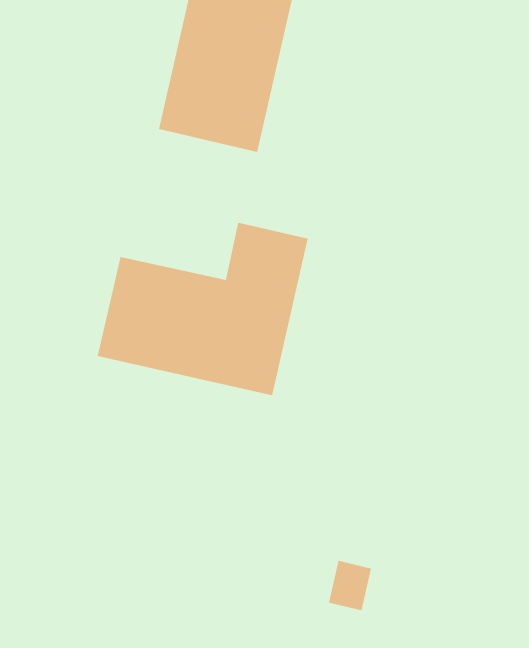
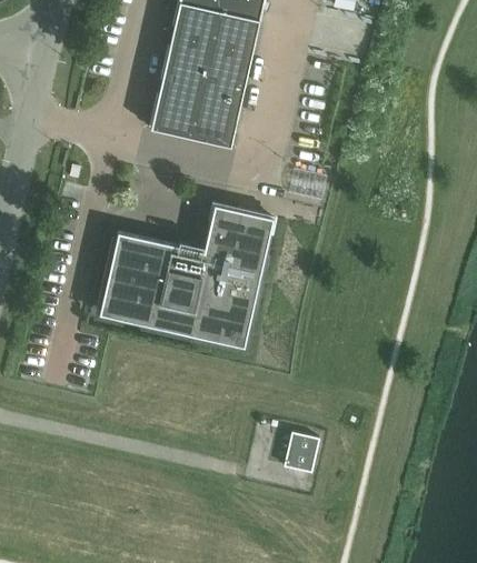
building: [328,560,372,611] -> [284,433,319,474]

